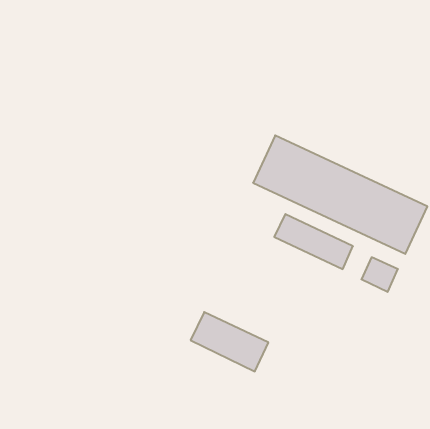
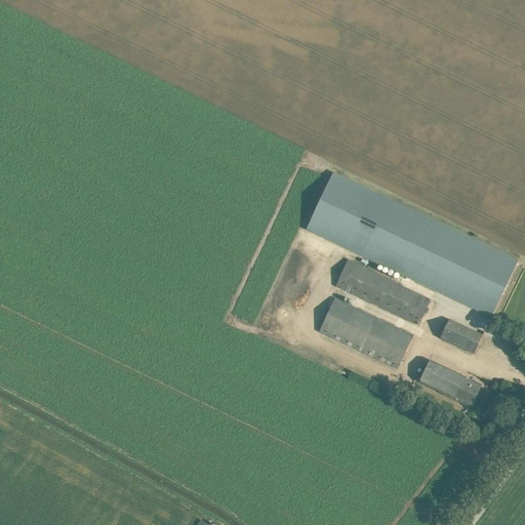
building: none -> [416,365,478,411]
building: [191,312,268,371] -> [316,302,410,374]

